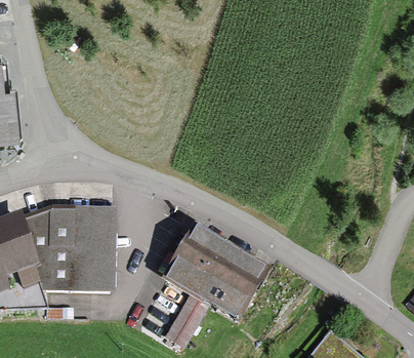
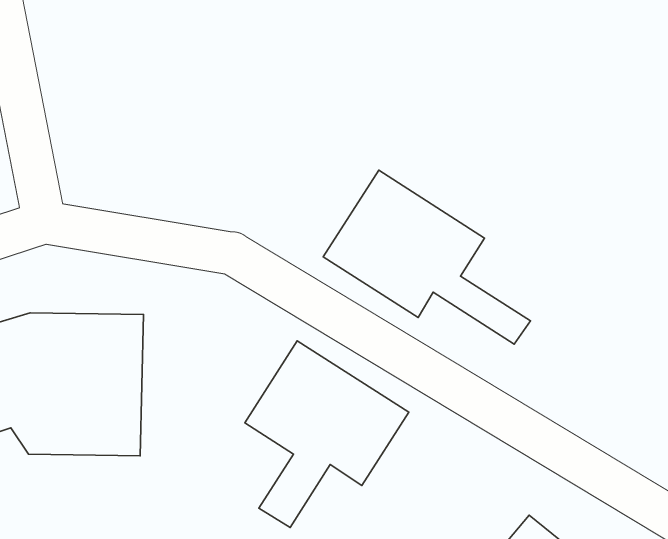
building: none -> [323,170,530,344]

